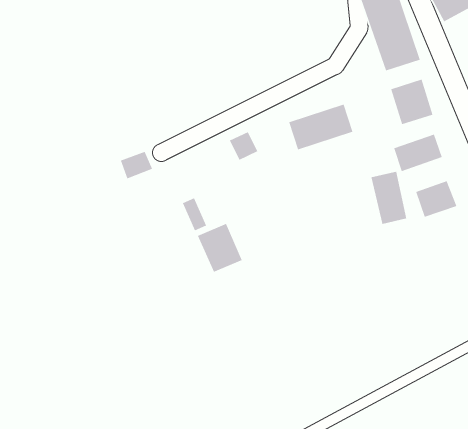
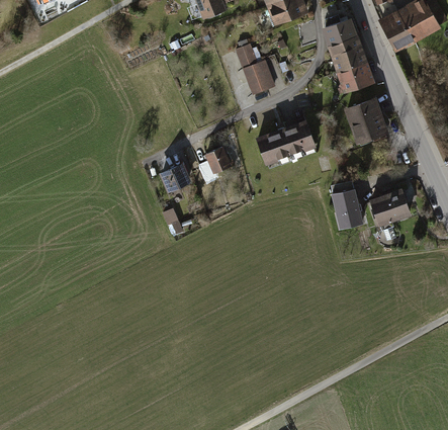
building: none -> [235,46,275,94]
building: [393,133,443,172] -> none
building: [120,151,153,180] -> [160,165,189,190]
building: [197,223,243,273] -> none

